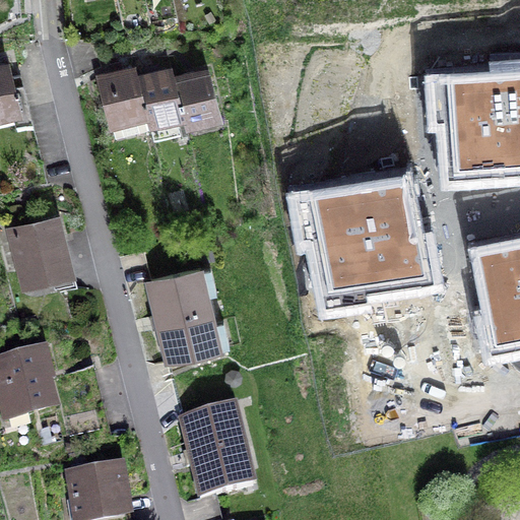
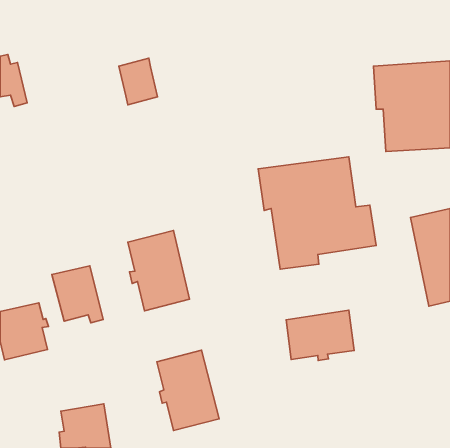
building: [99,66,149,135] -> none
building: [174,68,219,122] -> none
building: [12,217,71,283] -> [52,266,103,323]
building: none -> [286,310,354,360]

